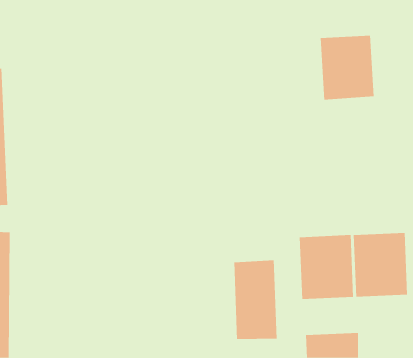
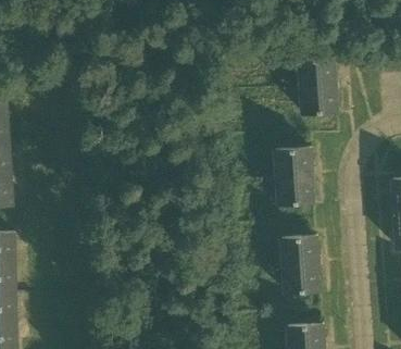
building: [353,232,408,297] -> [271,149,319,207]
building: [234,260,277,340] -> none

